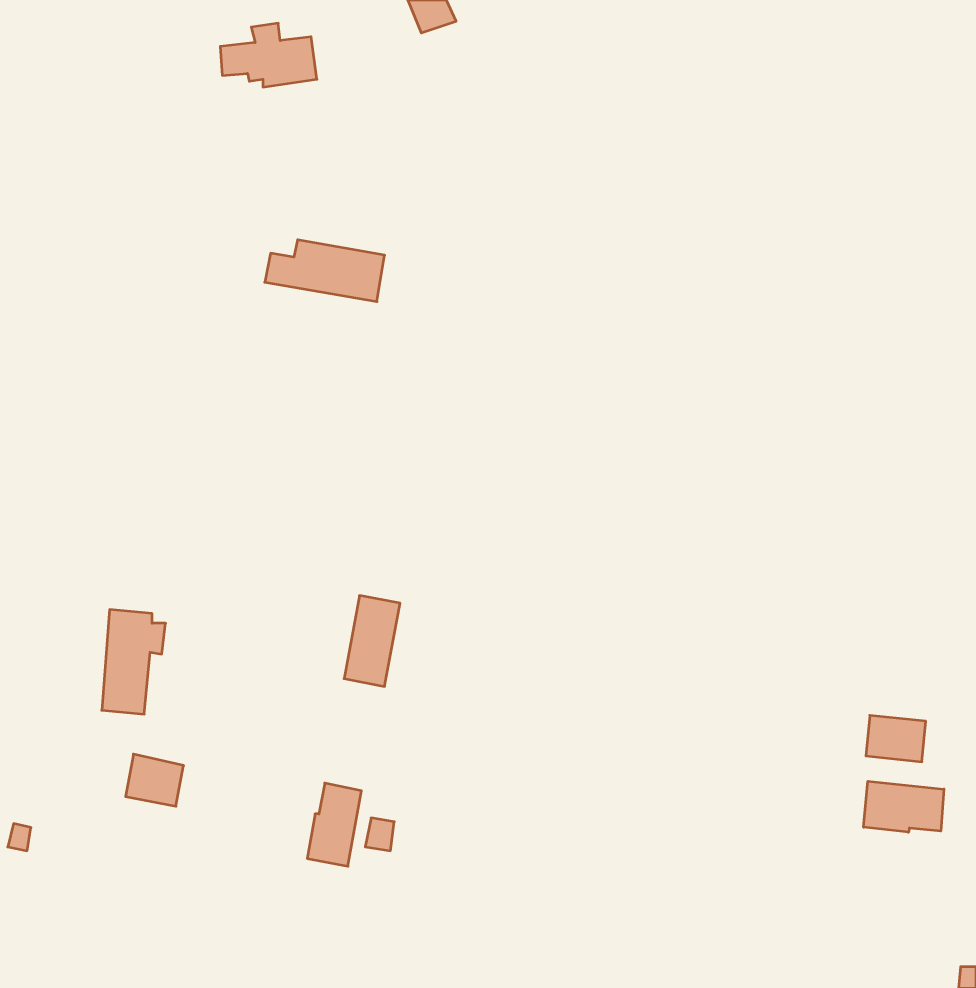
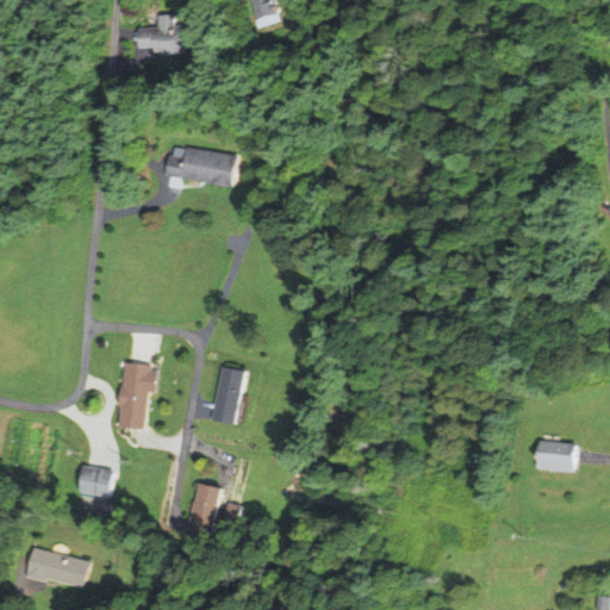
building: [102,610,166,714] -> [118,363,157,428]
building: [864,781,944,832] -> none
building: none -> [25,547,89,587]

